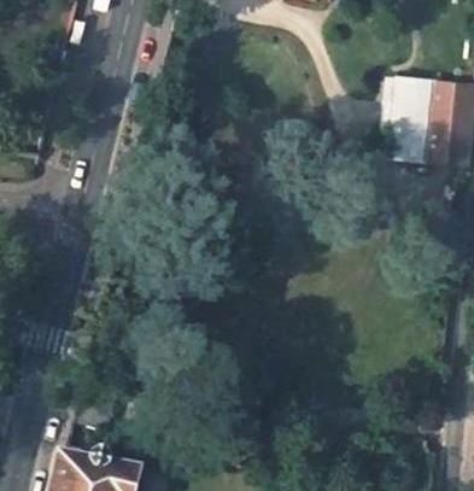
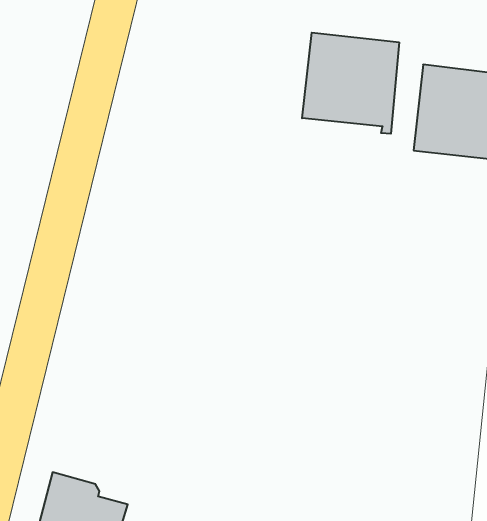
building: none -> [302,33,399,134]

